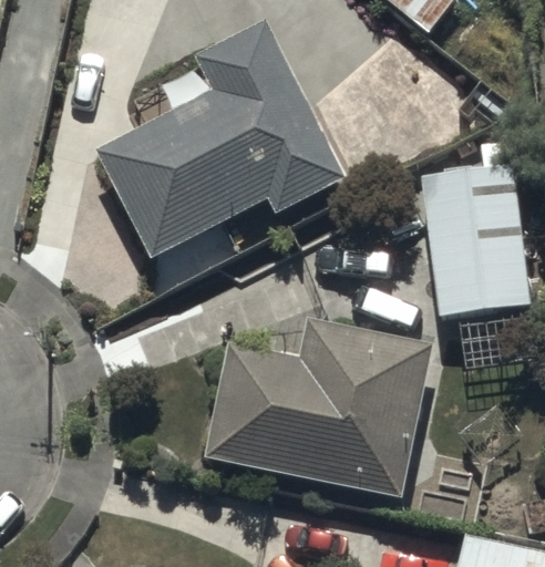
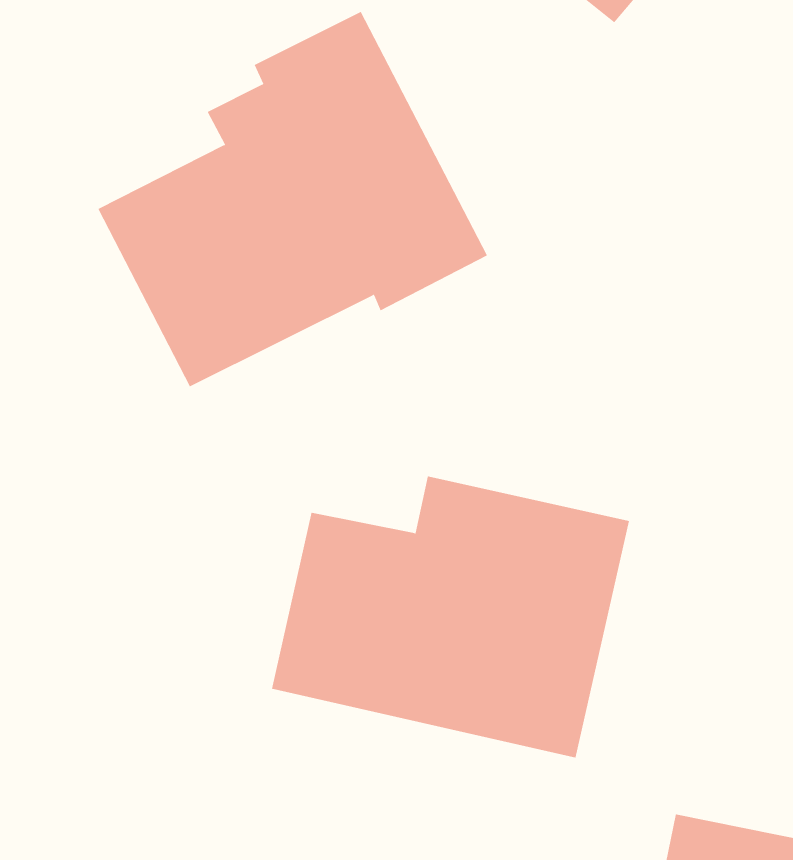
building: [422,142,529,316] -> none

